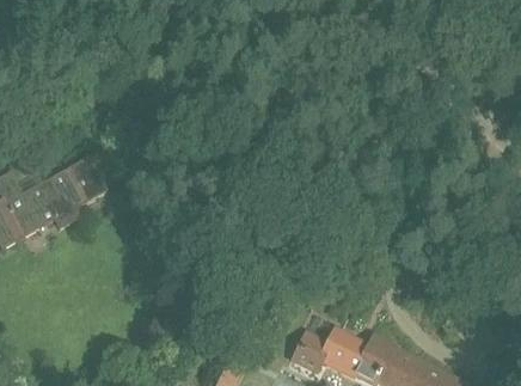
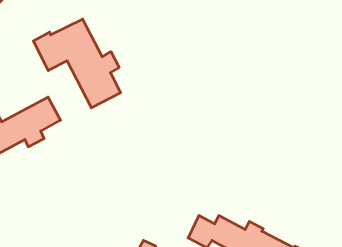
building: none -> [33,19,121,108]

